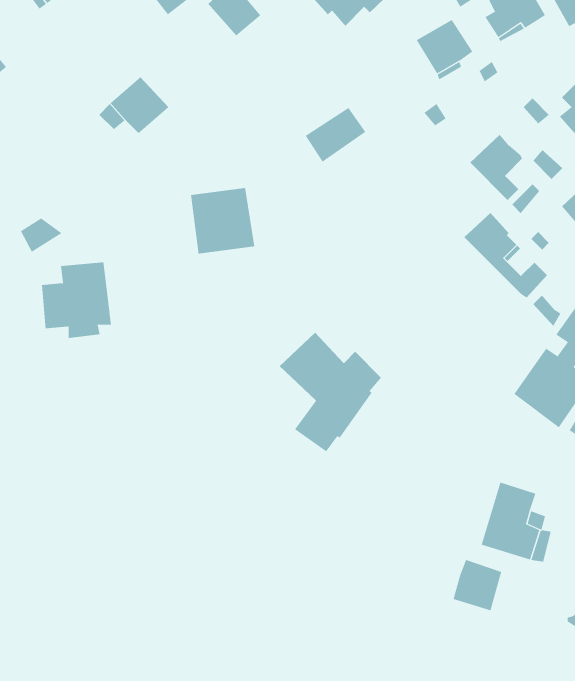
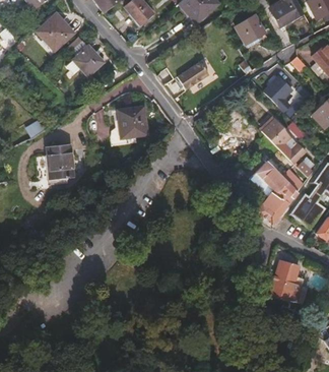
building: none -> [38,13,74,50]
building: [279,332,382,452] -> [249,160,304,224]
building: [453,559,502,611] -> none

